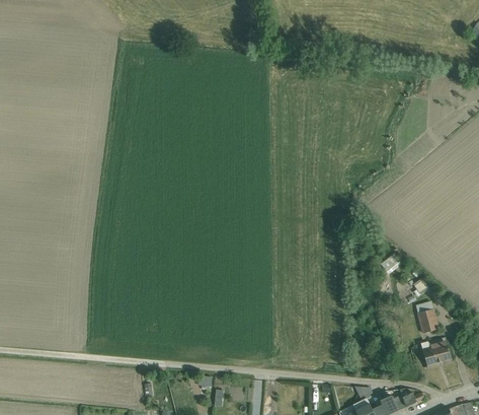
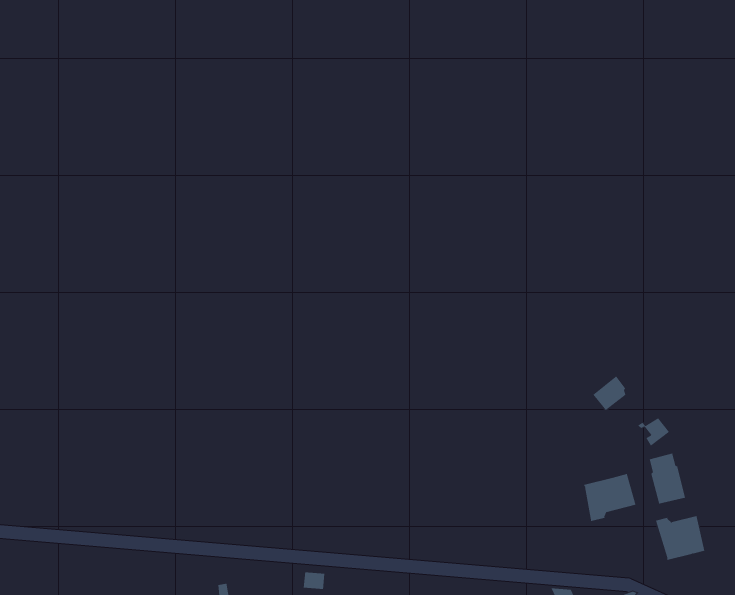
building: none -> [583,473,636,522]

